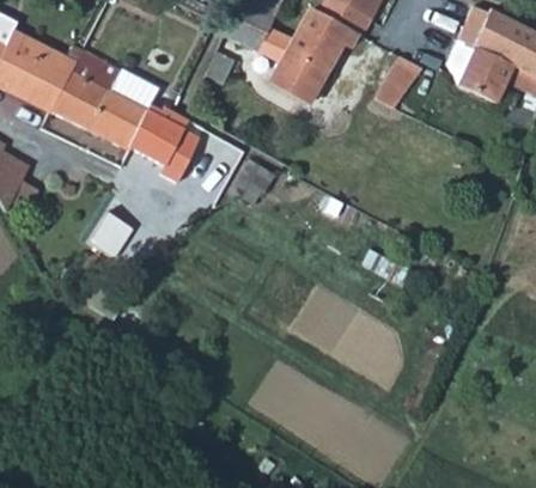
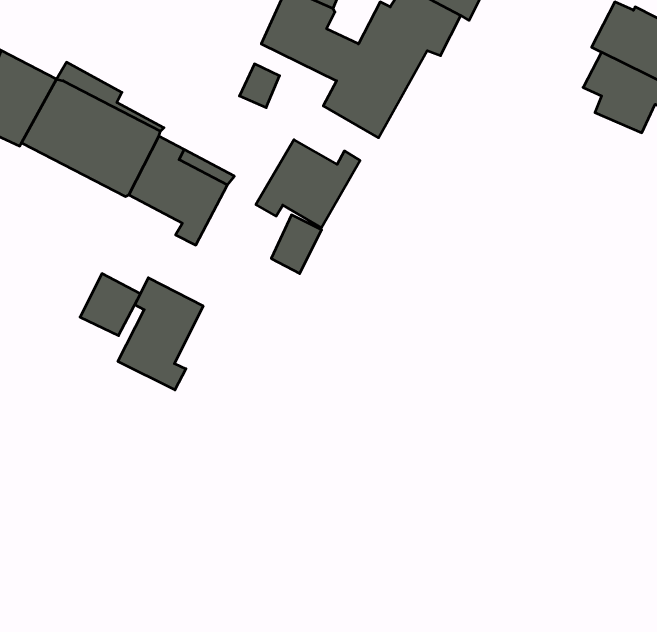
building: [373,54,420,108] -> none
building: none -> [256,140,360,228]
building: none -> [118,278,203,390]

